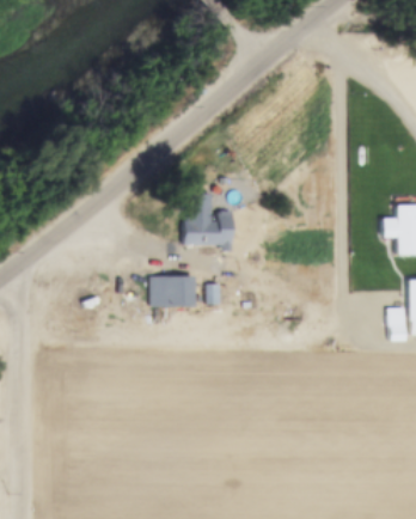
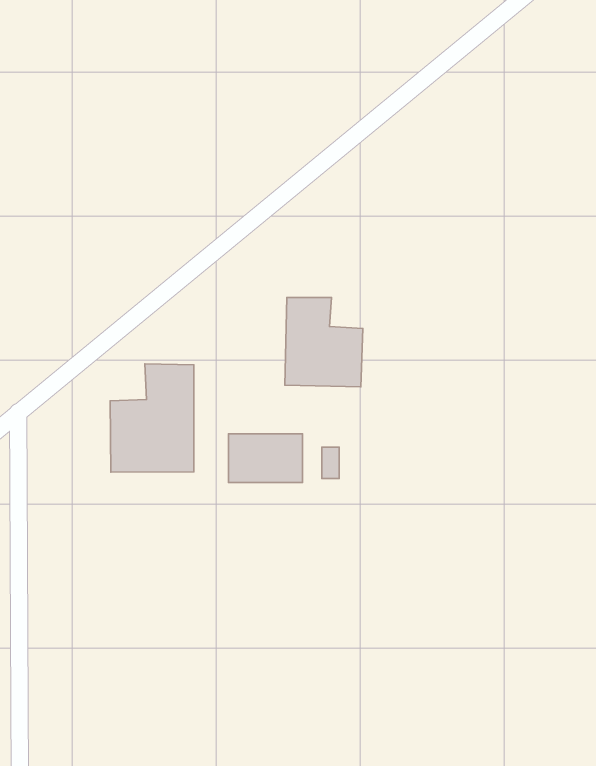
building: none -> [110,364,194,472]

